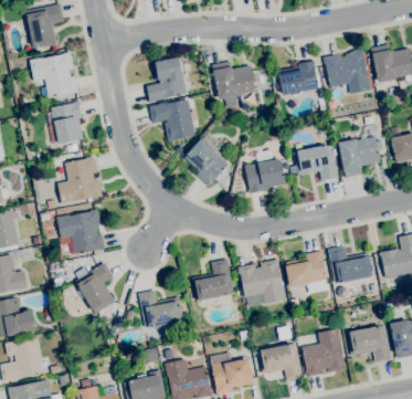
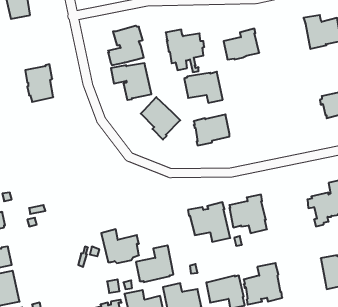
building: [323,49,371,94] -> none
building: [30,52,78,97] -> none
building: [338,124,382,178] -> none
building: [294,145,338,180] -> [184,72,223,103]
building: [57,156,102,204] -> none
building: [56,209,105,254] -> none
building: [328,245,370,293] -> none
building: [191,259,234,301] -> [136,245,173,282]
building: [75,262,115,313] -> none
building: [347,325,391,363] -> none

